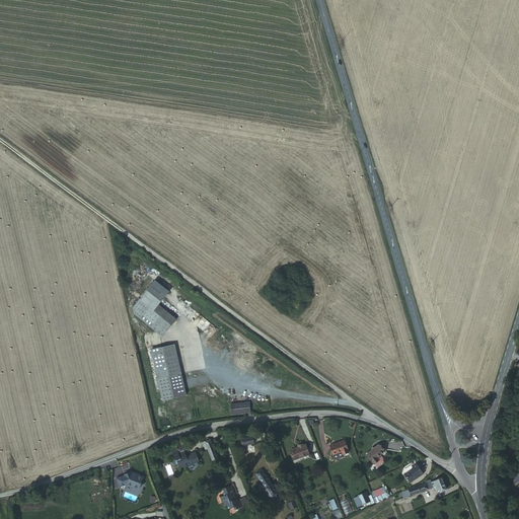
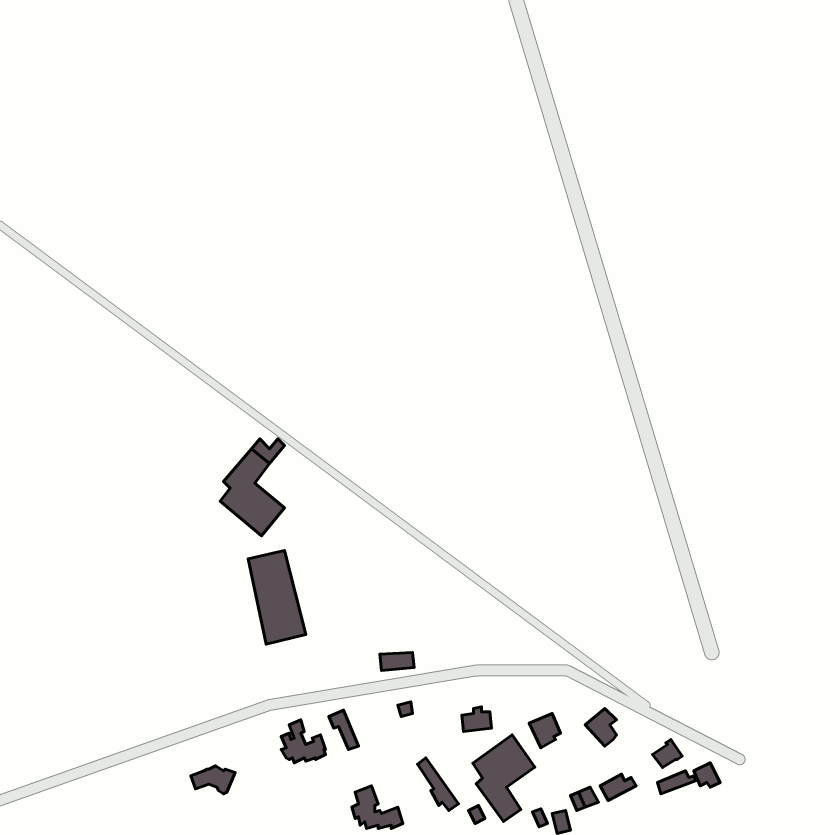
building: none -> [473,735,535,822]

